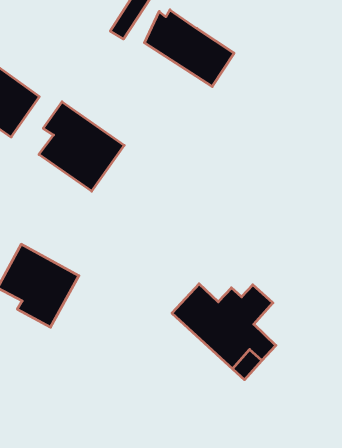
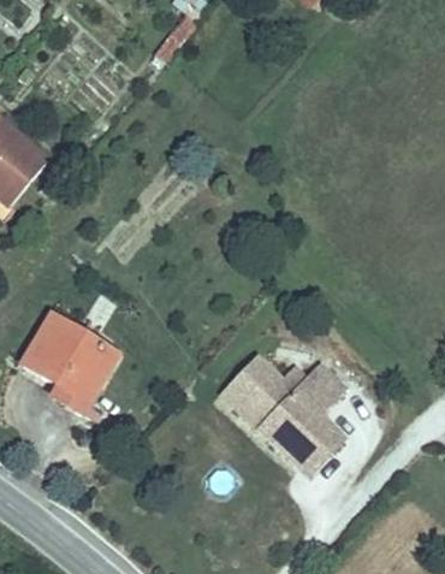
building: [144,10,234,87] -> none
building: [39,102,124,191] -> none

